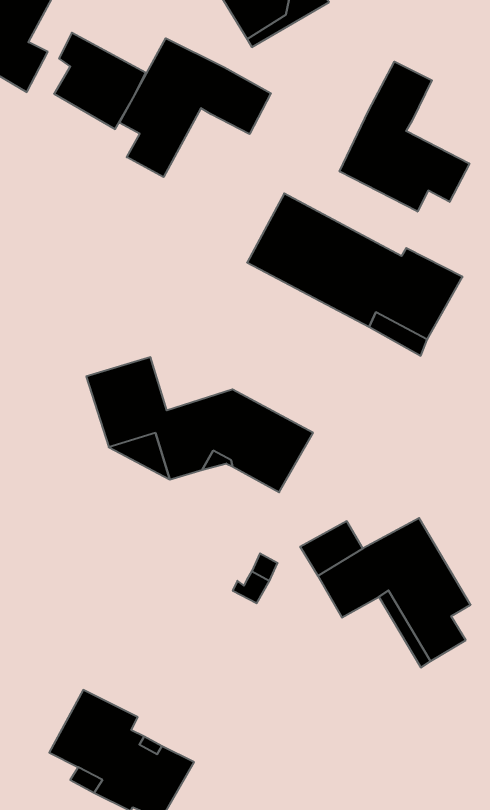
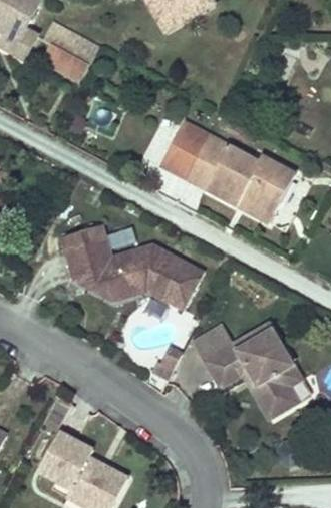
building: [120,38,271,177] -> none
building: [340,62,469,212] -> none

